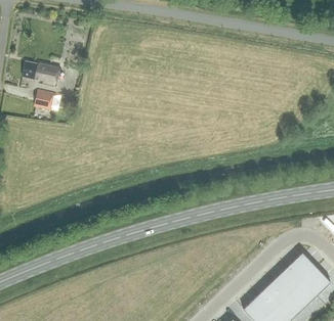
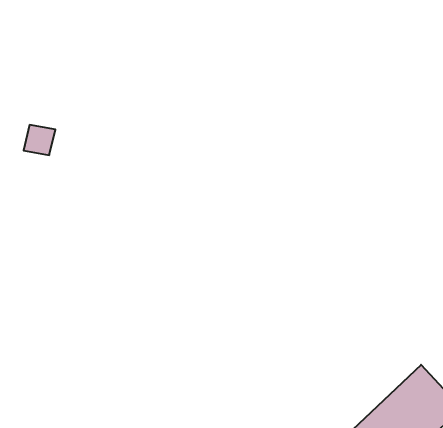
building: [24,61,60,87] -> none

